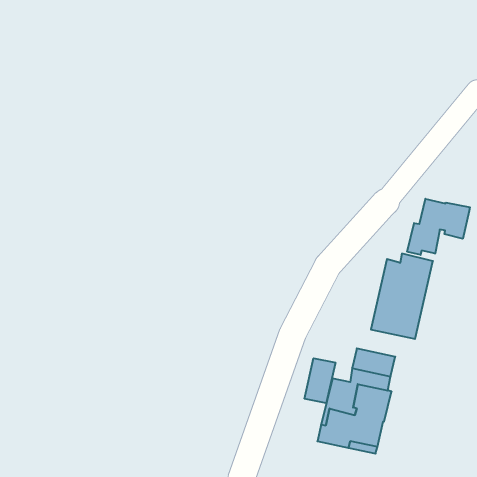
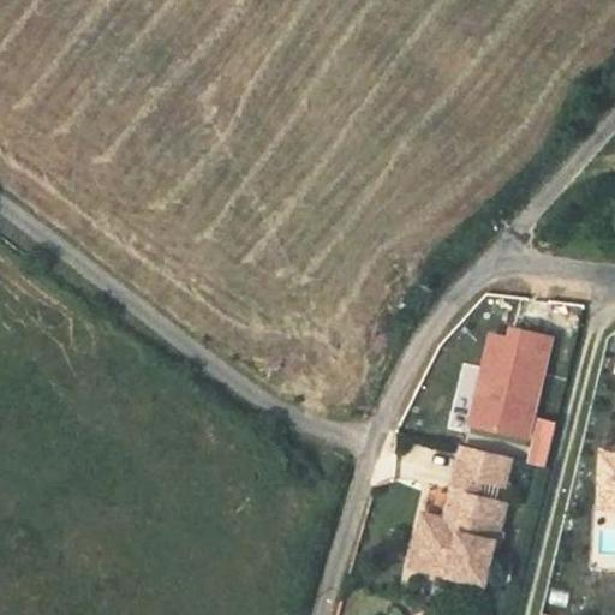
building: [407,199,470,255] -> none
building: [305,358,335,403] -> none

